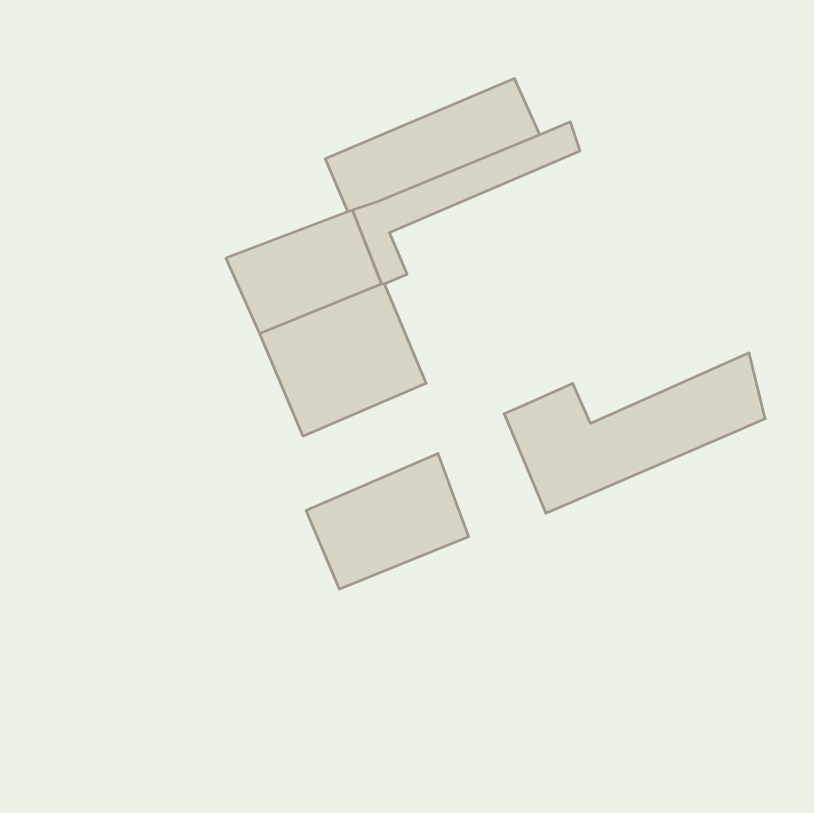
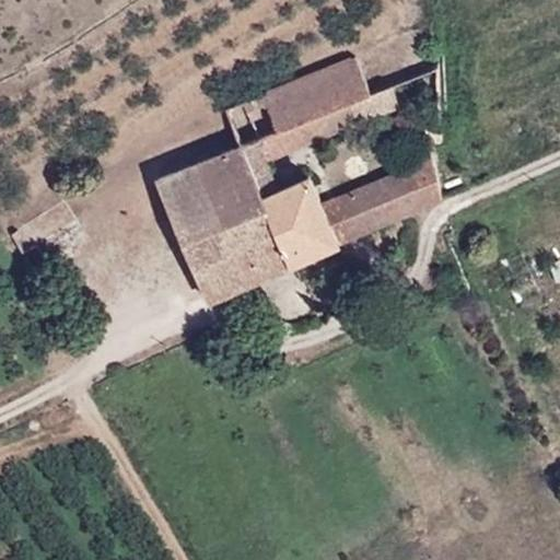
building: [504,353,765,513] -> [262,156,441,266]
building: [306,453,468,589] -> none

